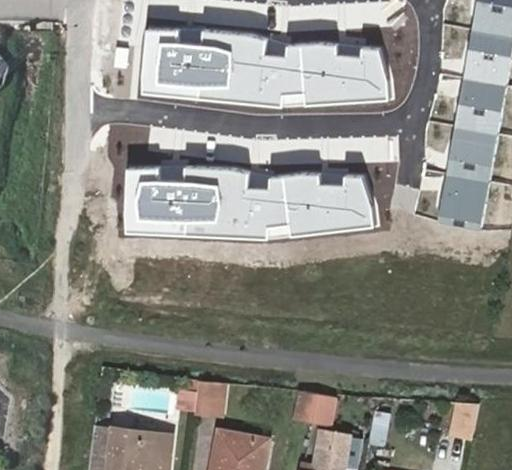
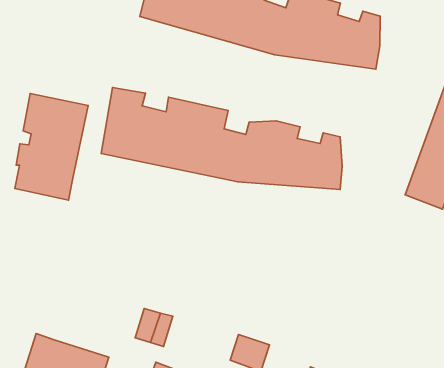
building: none -> [15,94,88,200]

